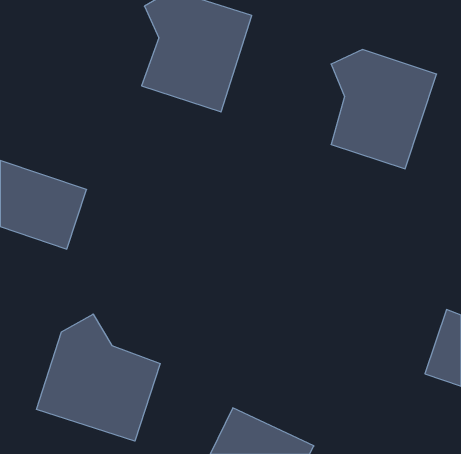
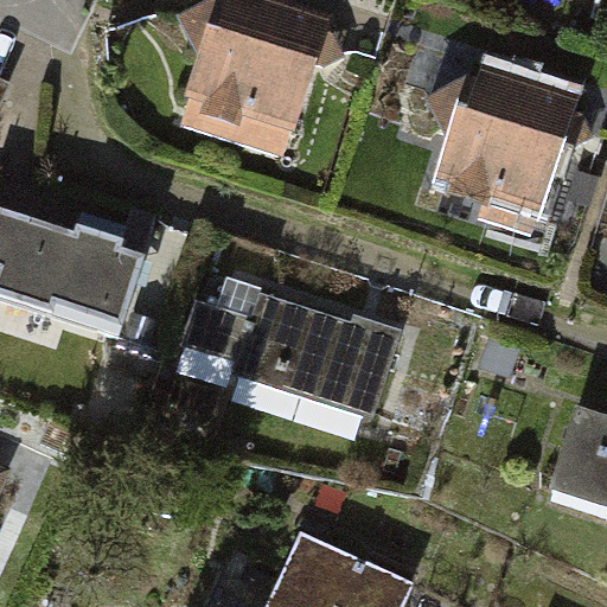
building: none -> [172,290,392,418]
building: [36,314,160,441] -> none

